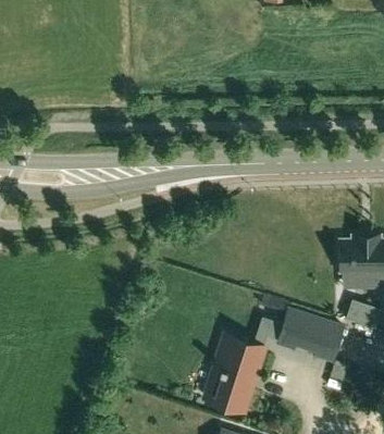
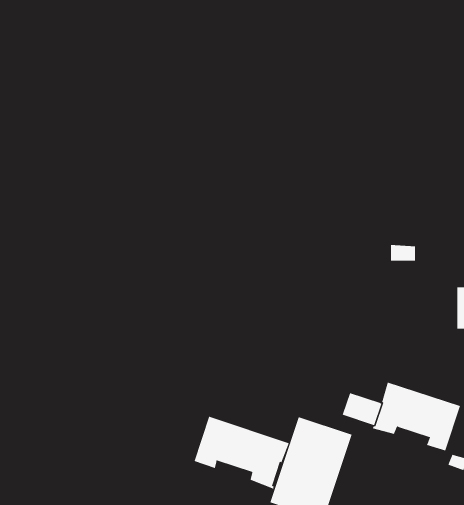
building: none -> [194,416,289,490]

